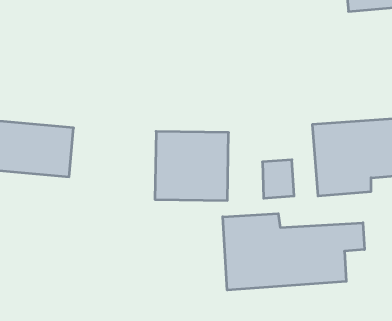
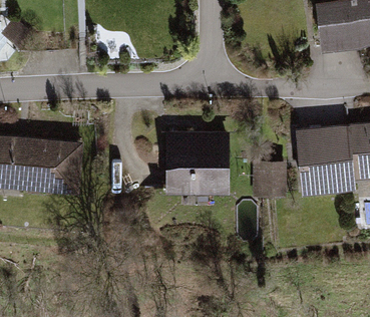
building: [223,214,364,290] -> none

